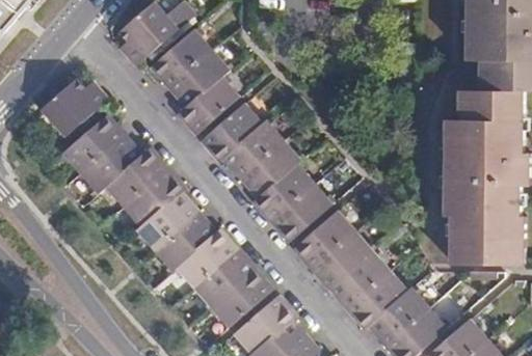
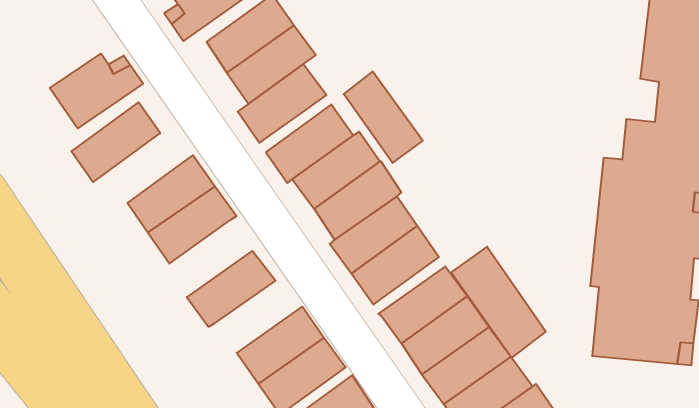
building: none -> [344,72,423,163]
building: [79,134,141,193] -> none
building: [136,191,197,249] -> none
building: none -> [451,247,546,358]
building: [176,228,237,285] -> none

